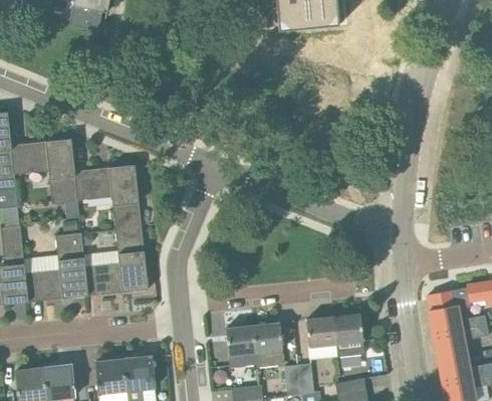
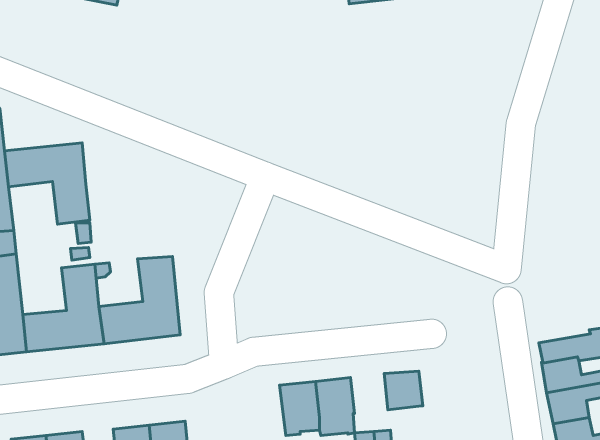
building: [74,165,142,229] -> none
building: [333,314,364,356] -> none

